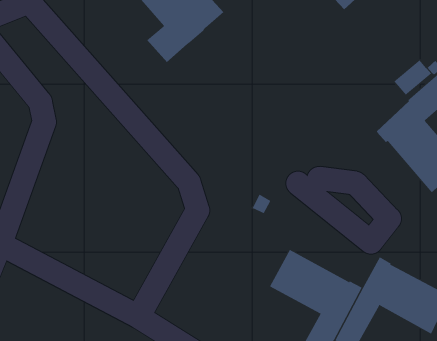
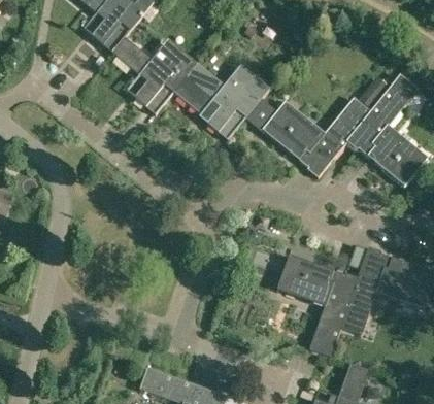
building: none -> [173,61,270,139]
building: none -> [263,97,371,178]

